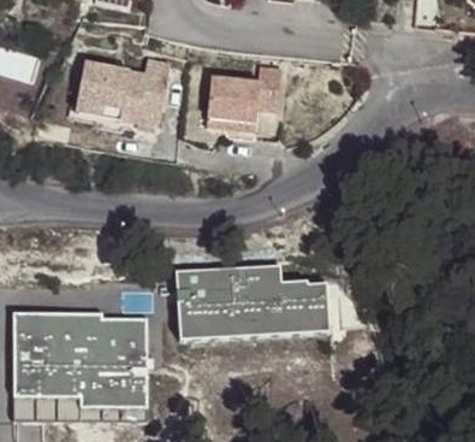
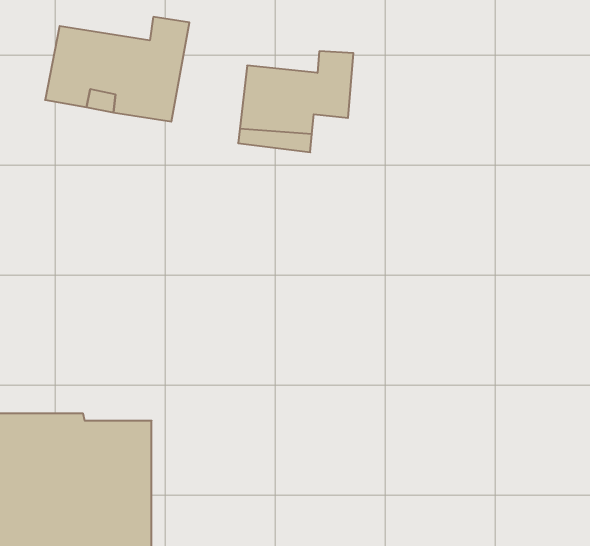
building: [174,266,328,343] -> none

